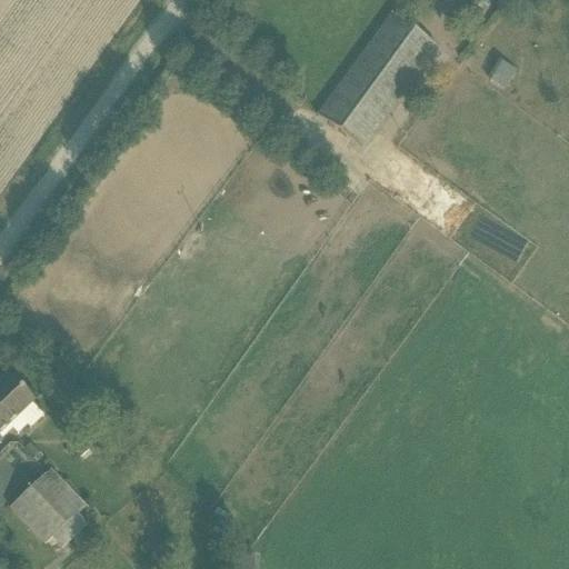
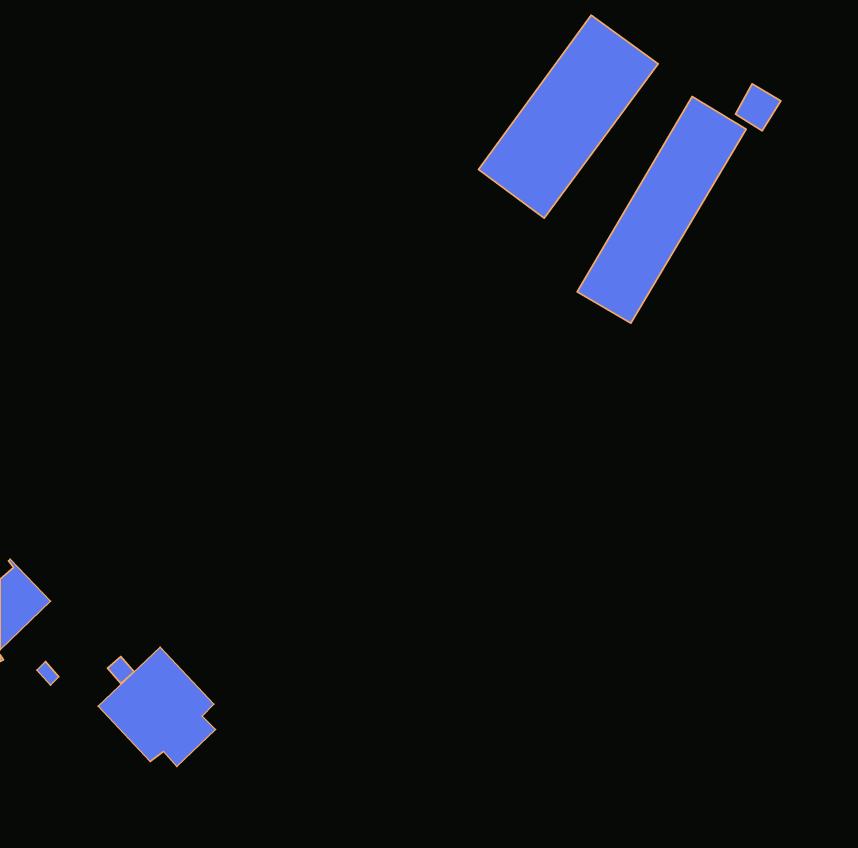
building: none -> [577,96,746,323]
building: [9,466,87,545] -> [98,647,216,766]

